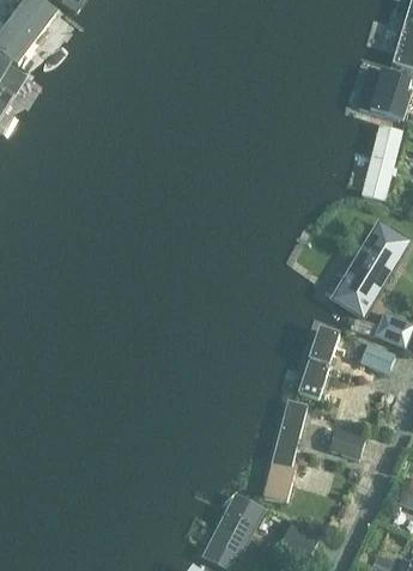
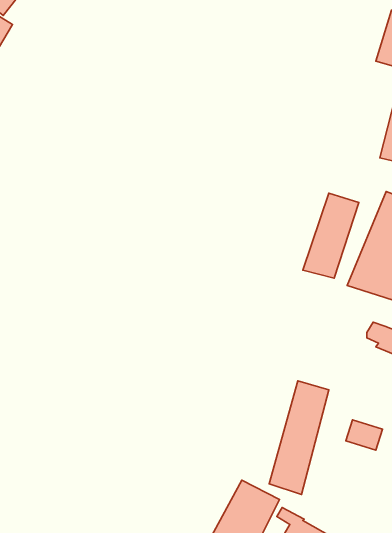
building: [293,318,345,396] -> [303,193,359,278]

